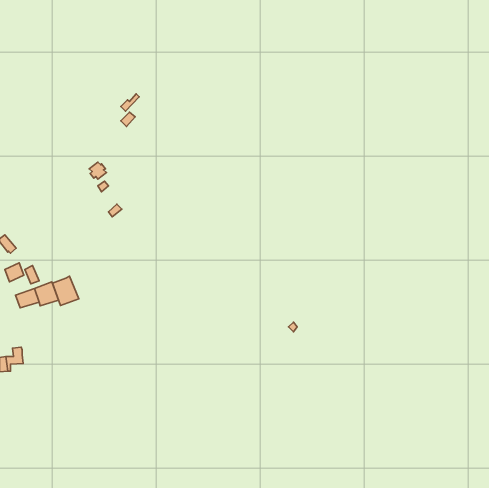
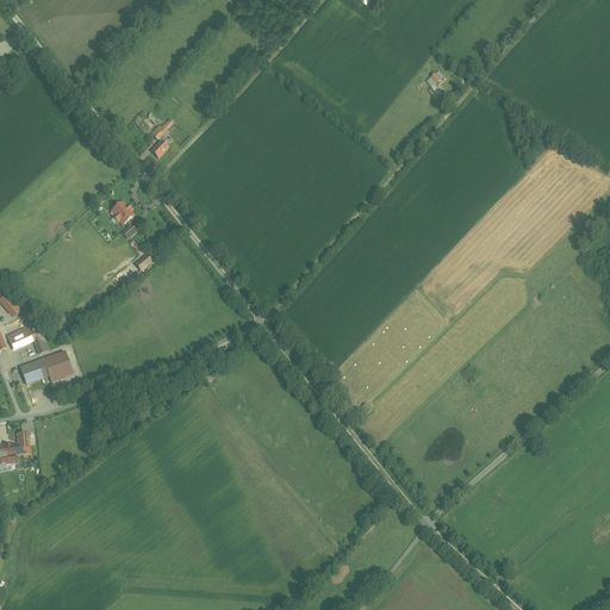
building: [53,276,79,306] -> none

